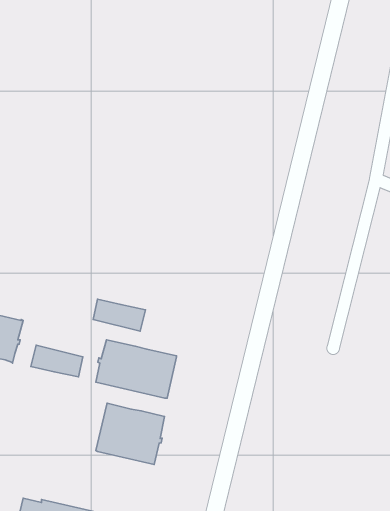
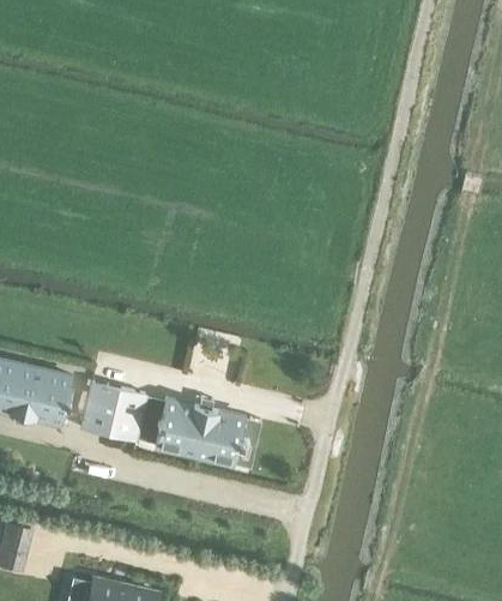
building: [93,299,145,331] -> [87,381,146,417]
building: [96,403,165,465] -> none

